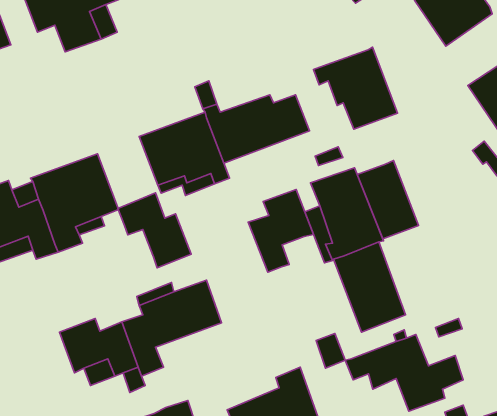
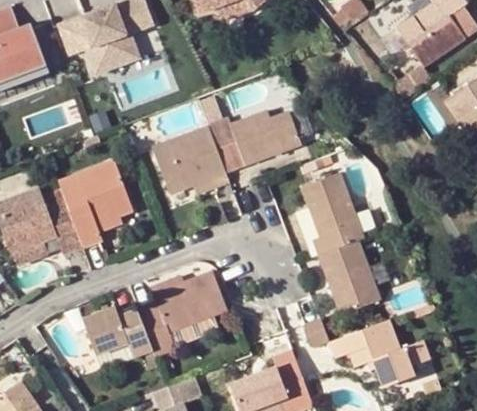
building: [314,47,398,129] -> none
building: [357,160,419,239] -> none
building: [248,189,313,272] -> none
building: [118,193,191,268] -> none

